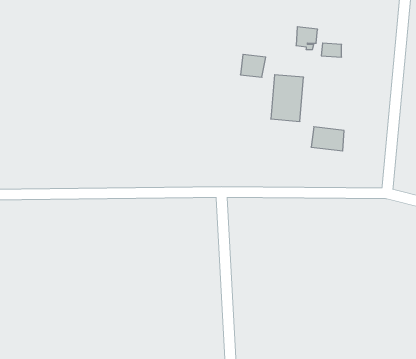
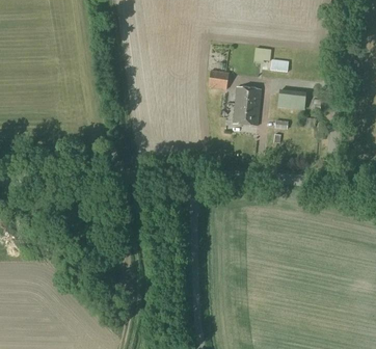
building: [311,127,344,151] -> [278,90,305,110]

